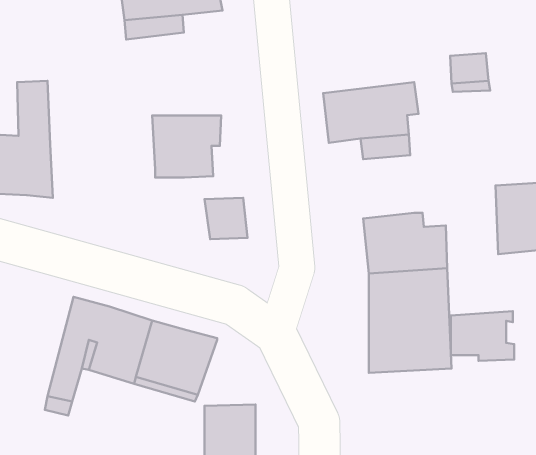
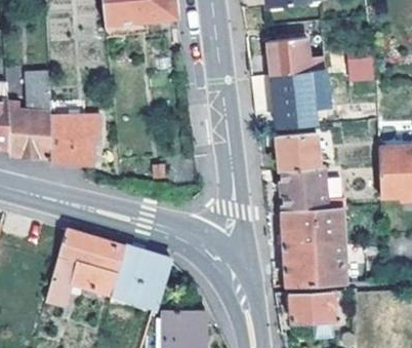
building: none -> [249,36,323,77]
building: [152,115,221,177] -> [48,115,99,161]
building: none -> [278,133,319,170]
building: [451,311,514,361] -> [290,288,337,325]

